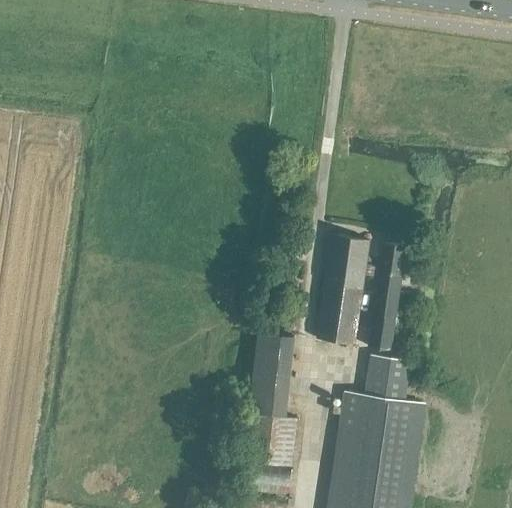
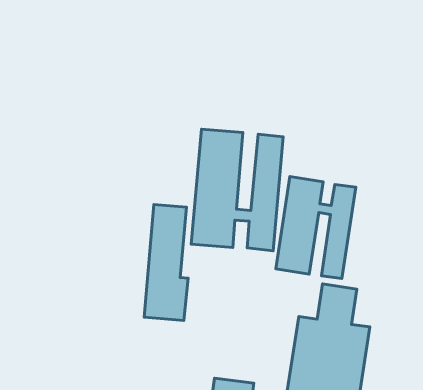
building: none -> [191,129,283,251]
building: [249,331,299,463] -> [144,204,188,321]

